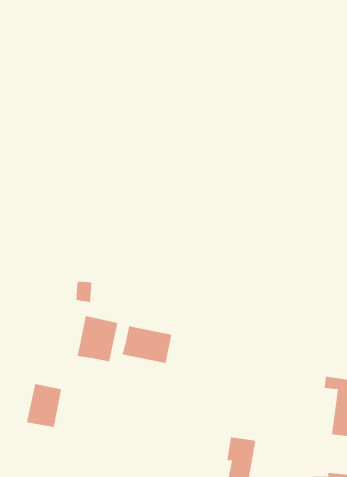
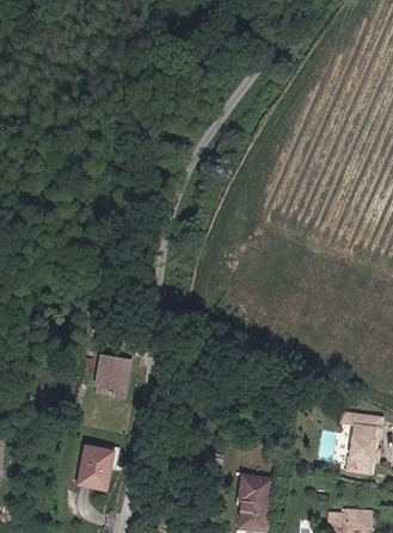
building: [122,326,172,364] -> none
building: [26,383,62,427] -> [76,444,112,488]

